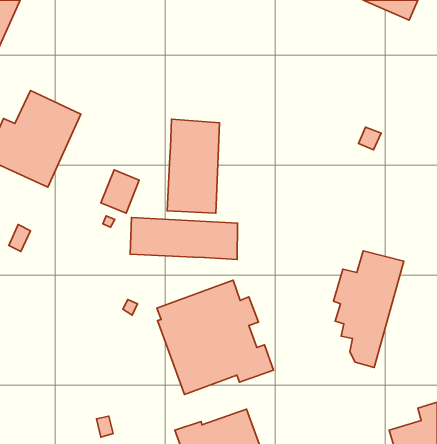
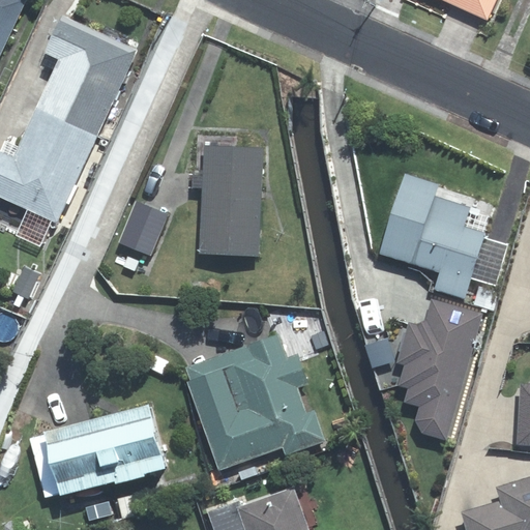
building: none -> [36,17,137,137]
building: none -> [382,173,483,296]
building: [130,217,238,259] -> none
building: none -> [51,405,172,493]

